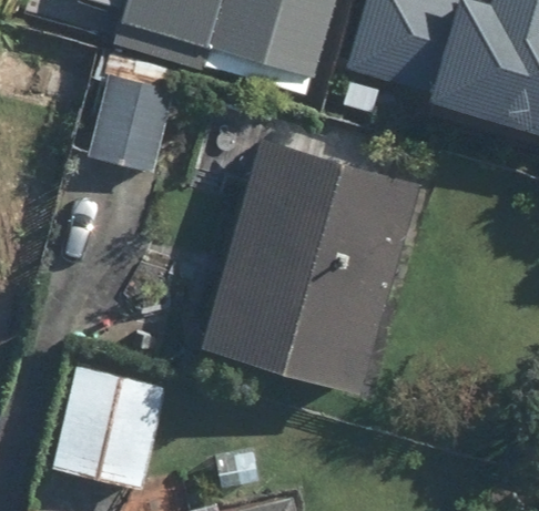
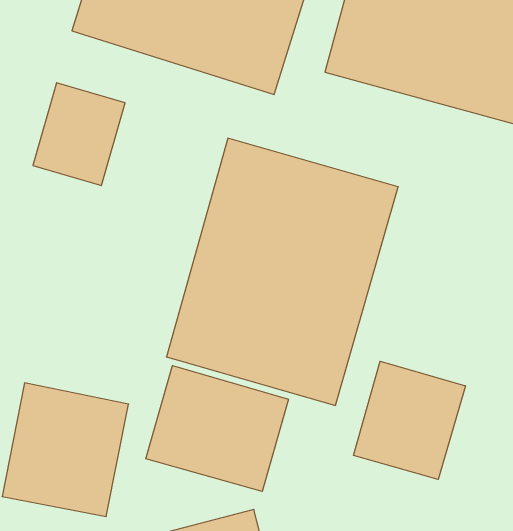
building: none -> [354,361,465,479]
building: none -> [146,366,288,491]

